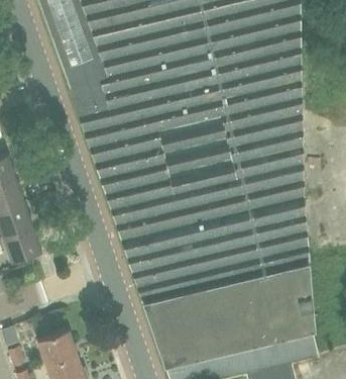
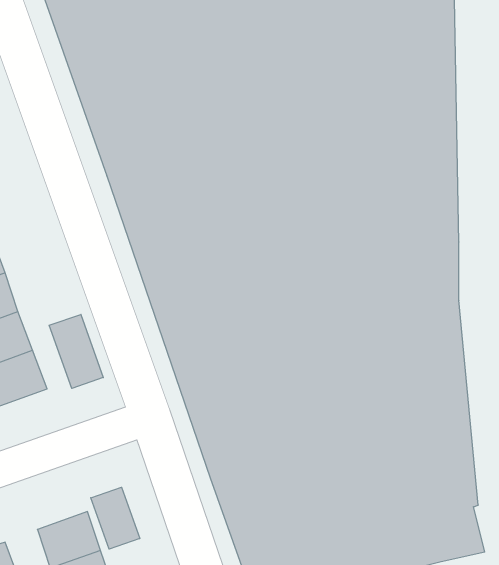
building: none -> [49,314,103,388]
building: none -> [91,487,140,549]

